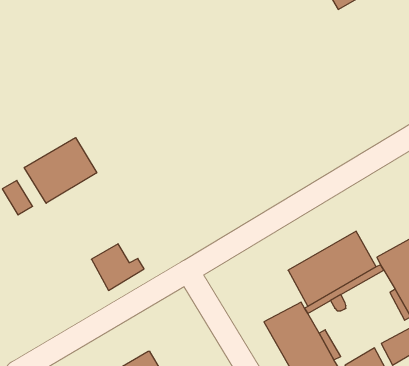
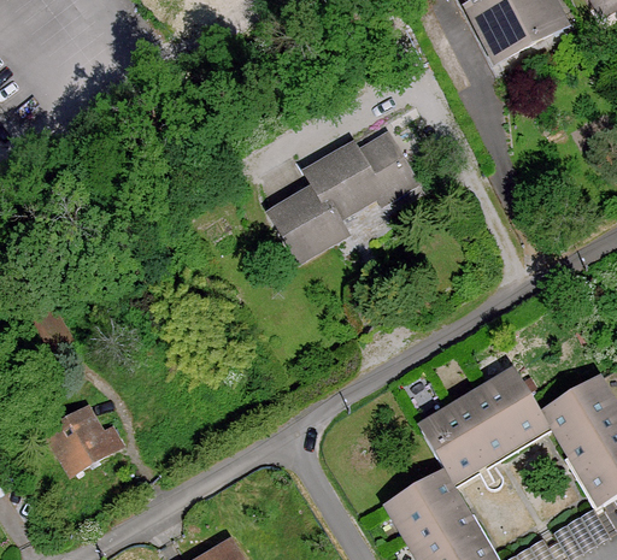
building: none -> [271,137,410,258]
building: [24,138,97,203] -> none
building: [91,244,144,290] -> [49,406,123,471]

